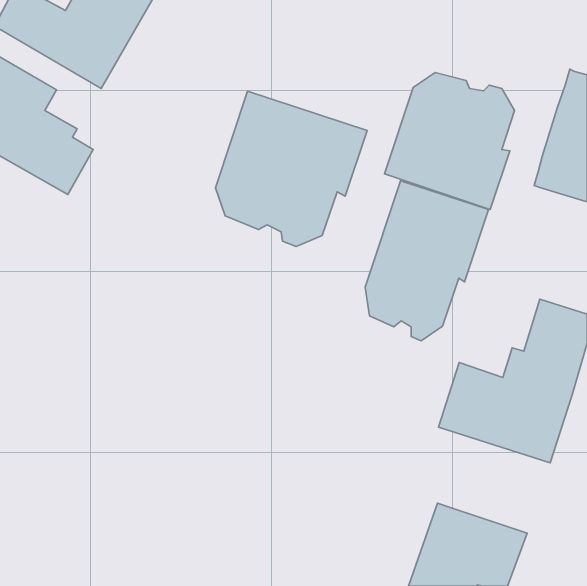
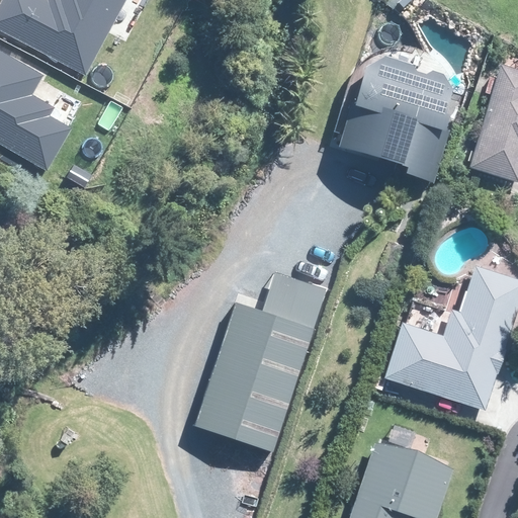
building: [215,91,367,246] -> none
building: [365,181,489,341] -> none
building: none -> [193,276,324,455]

